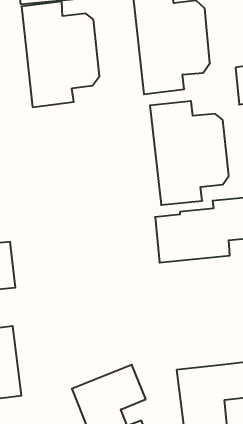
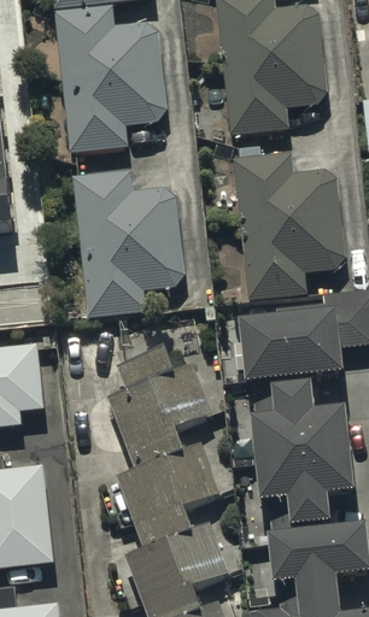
building: none -> [70,176,180,322]
building: none -> [107,345,215,462]
building: none -> [247,374,358,529]
building: none -> [117,441,222,543]

